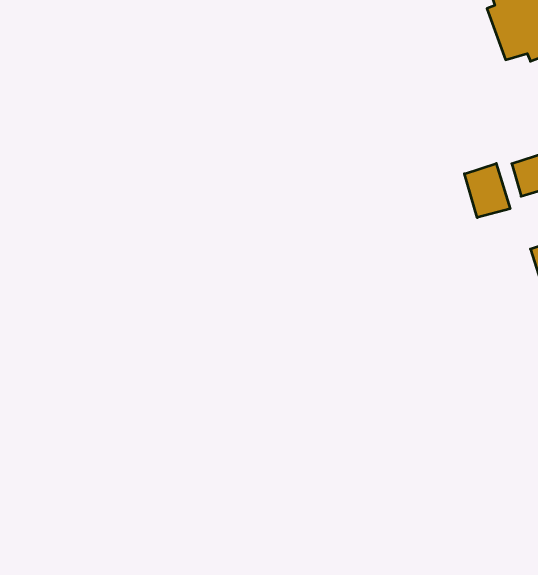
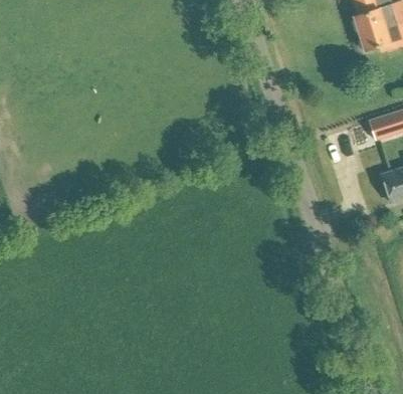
building: [464,163,510,218] -> none

